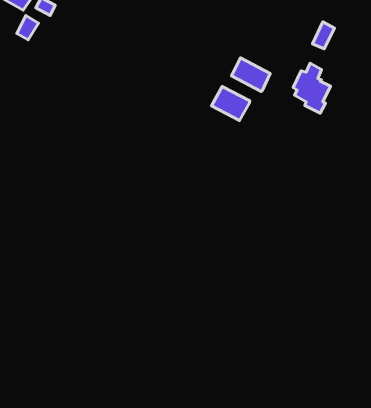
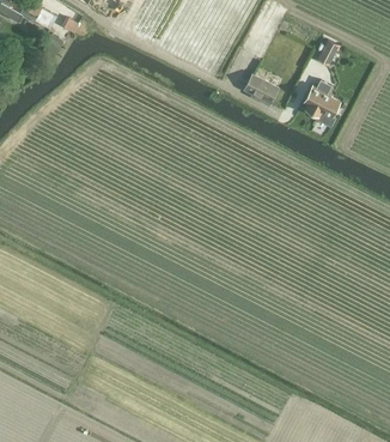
building: [212,86,250,120] -> none

